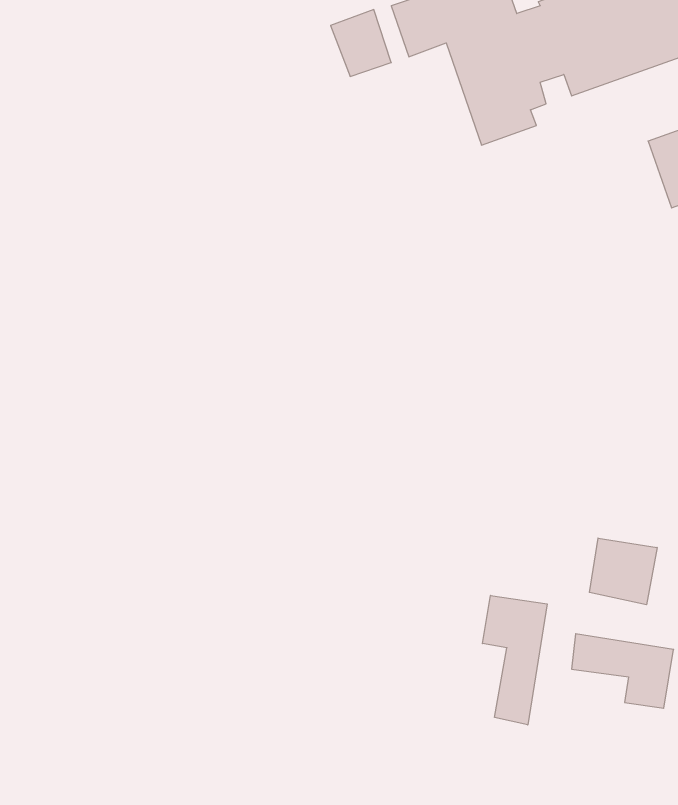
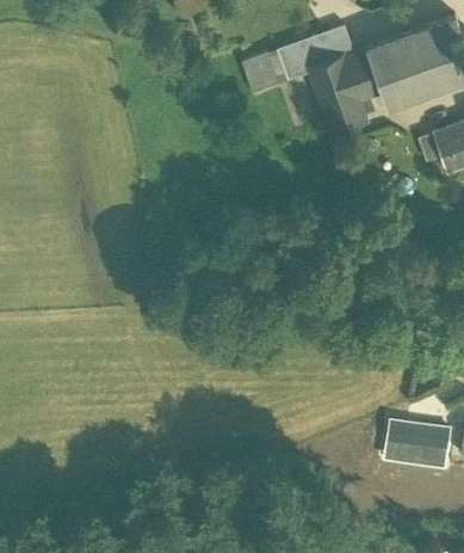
building: [589,538,657,605] -> none
building: [482,595,547,725] -> none

